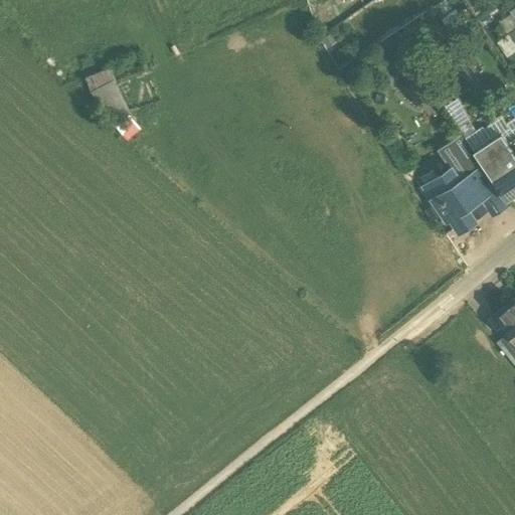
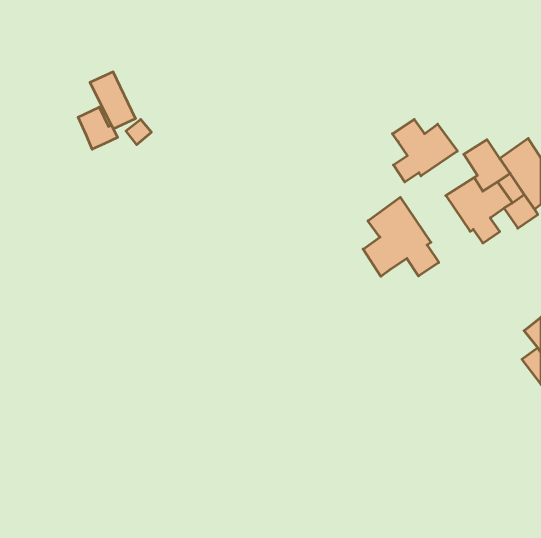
building: none -> [78,107,118,149]
building: none -> [392,119,457,182]
building: none -> [363,197,439,276]

